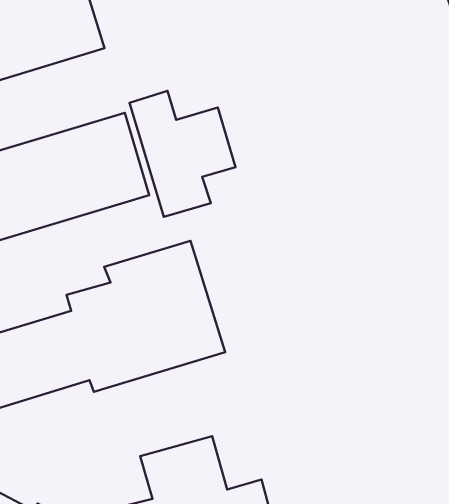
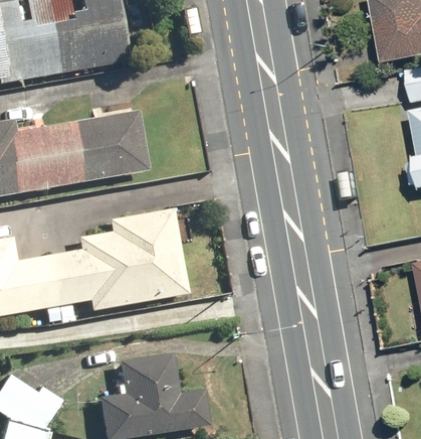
building: [129,91,236,217] -> none

